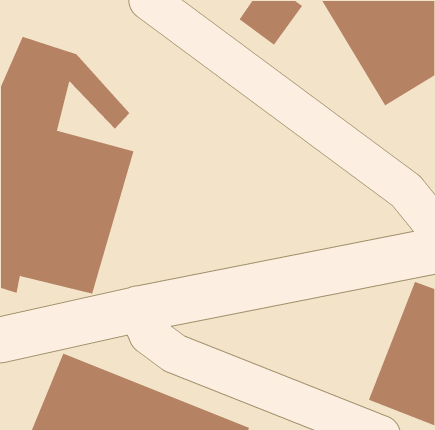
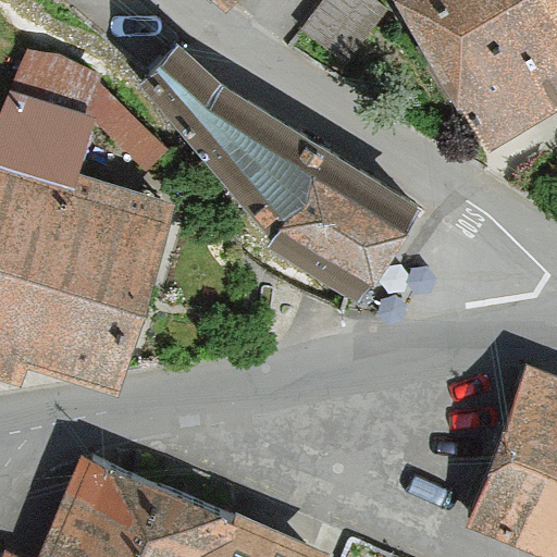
building: none -> [141,44,410,288]

